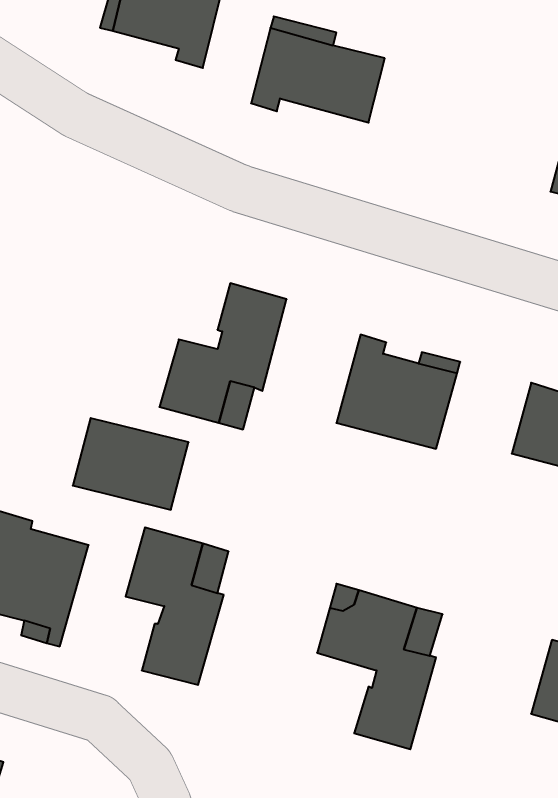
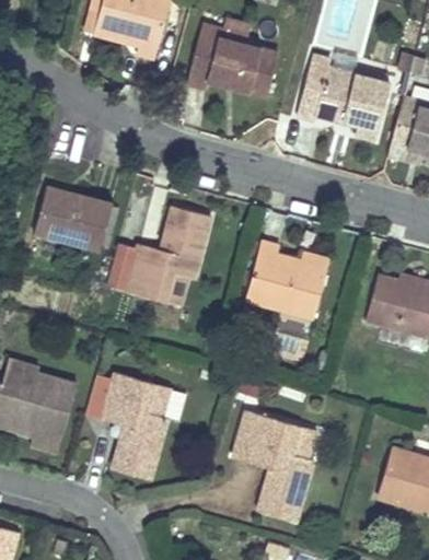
building: none -> [297,56,390,141]
building: [73,418,189,510] -> [33,187,112,249]

